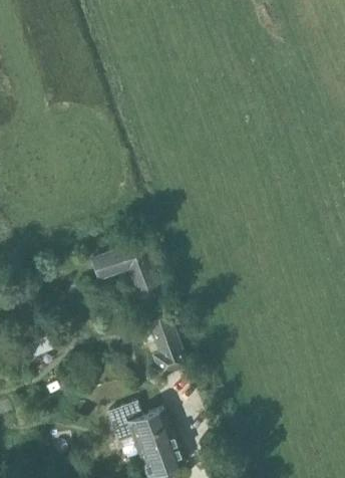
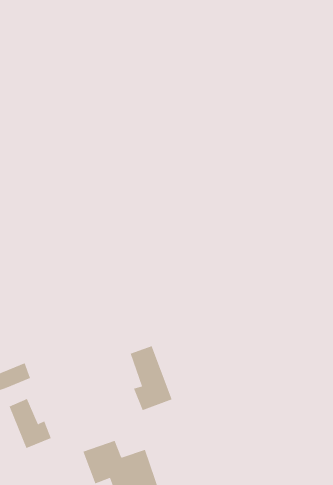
building: [91,242,160,298] -> none
building: none -> [9,398,51,449]

